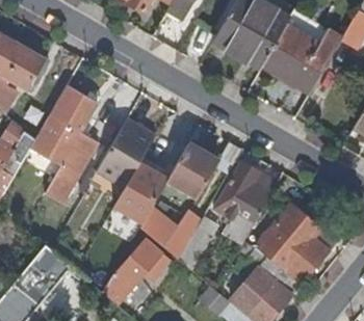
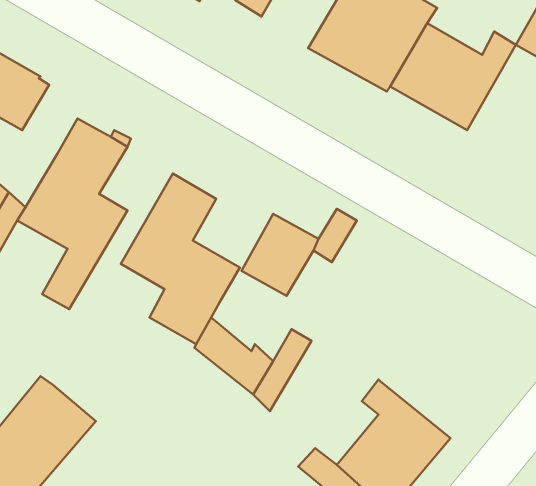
building: [214,161,277,243] -> none
building: [256,204,328,283] -> none
building: [102,239,168,303] -> none

